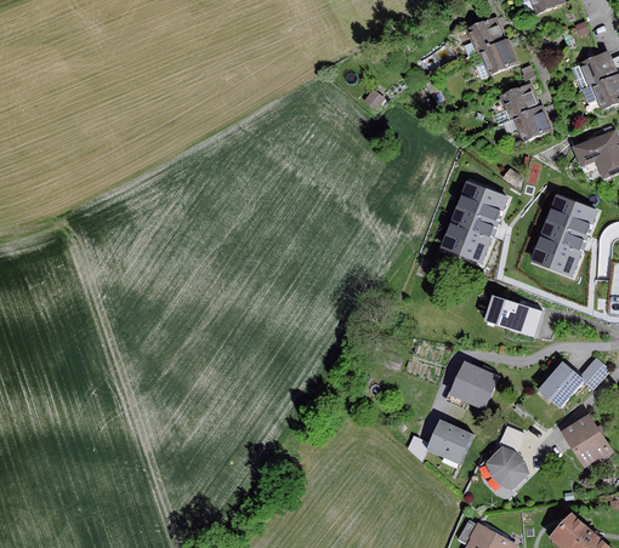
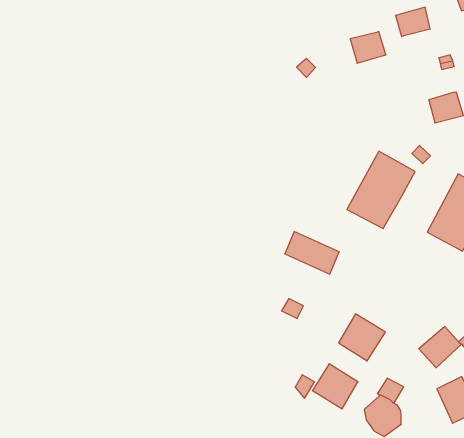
building: [476,38,517,75] -> [350,32,386,63]
building: [499,82,539,118] -> none
building: [482,295,541,336] -> [285,232,339,274]

